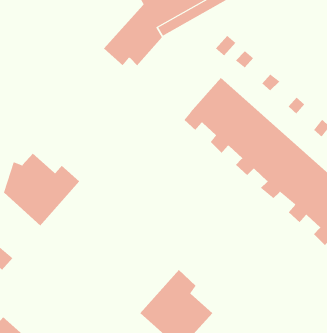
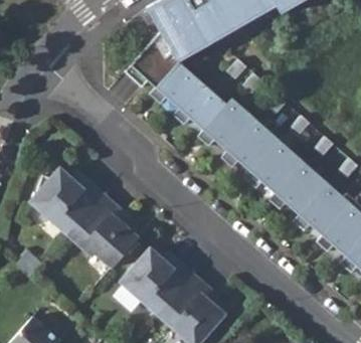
building: none -> [150,61,227,130]
building: none -> [67,193,139,268]
building: none -> [120,247,194,314]

